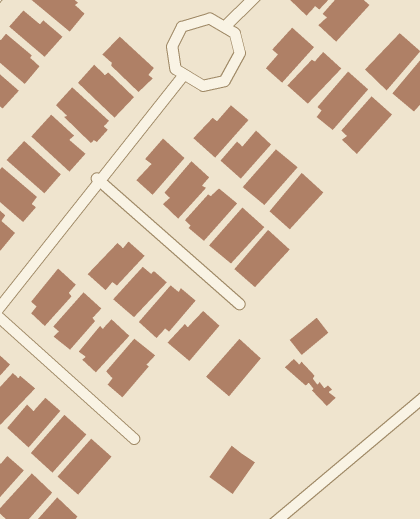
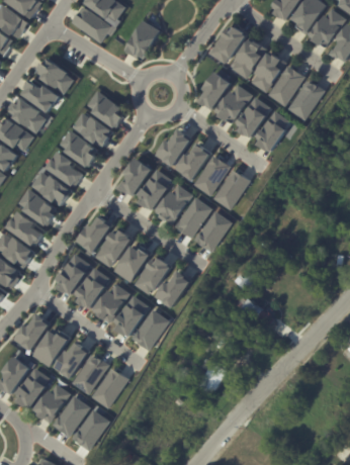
building: none -> [250,51,284,91]
building: none -> [75,216,111,253]
building: [205,338,262,398] -> [130,309,168,351]

